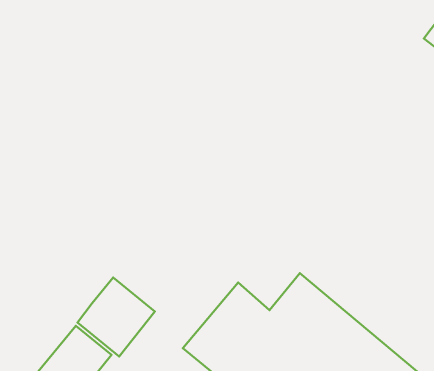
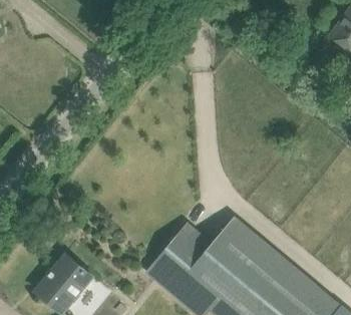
building: [77,277,155,357] -> none

